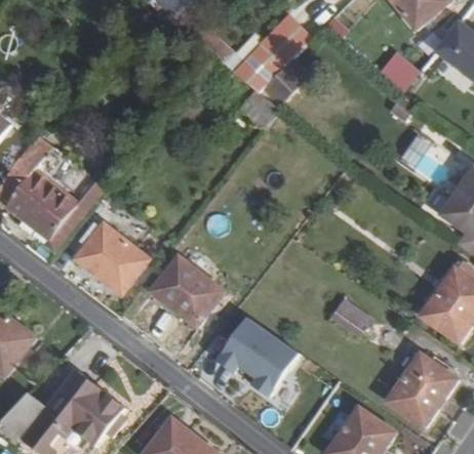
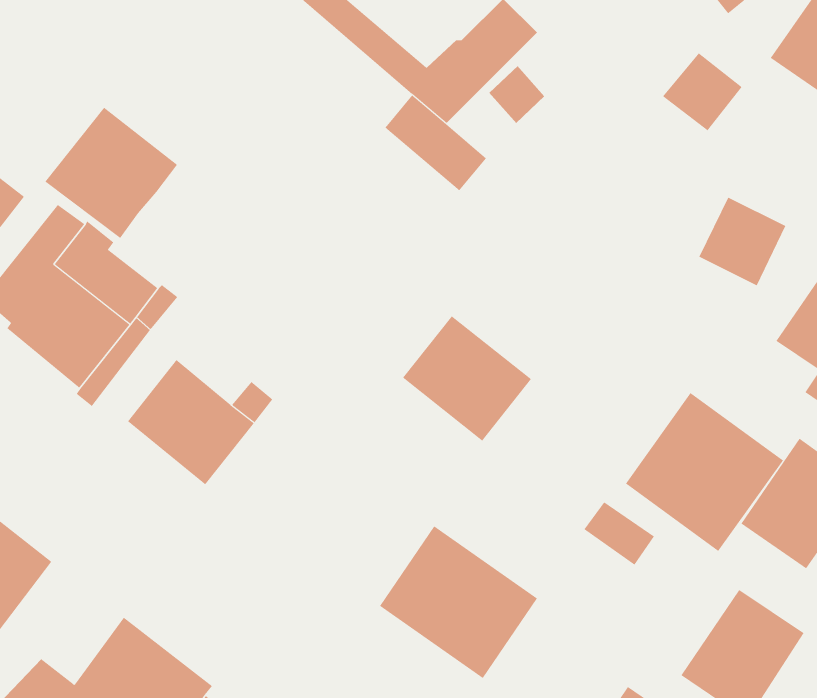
building: none -> [45,107,178,239]
building: none -> [625,392,784,552]
building: [148,254,221,325] -> [402,315,532,441]

